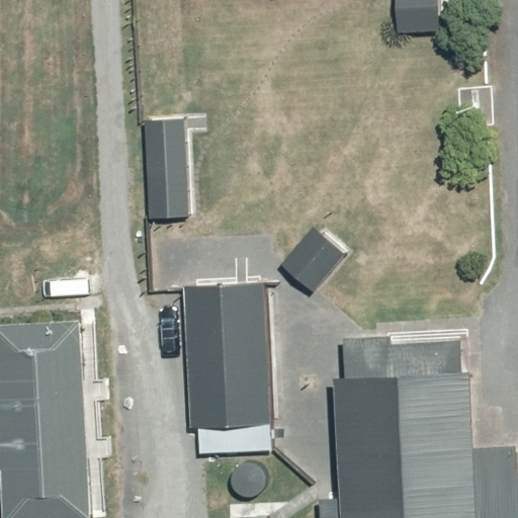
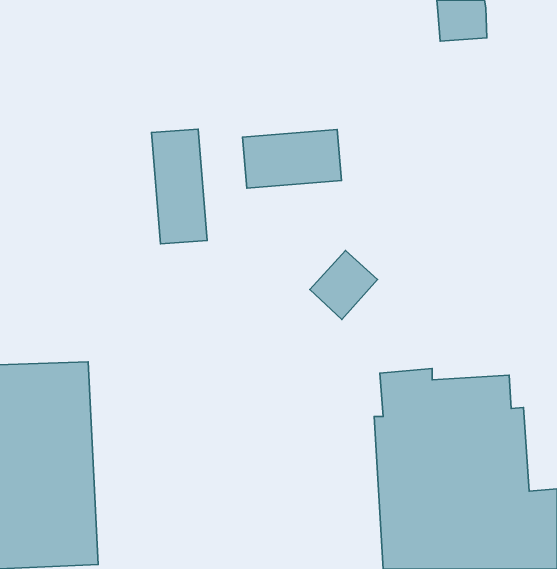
building: none -> [242,129,342,188]
building: [181,284,270,427] -> none

